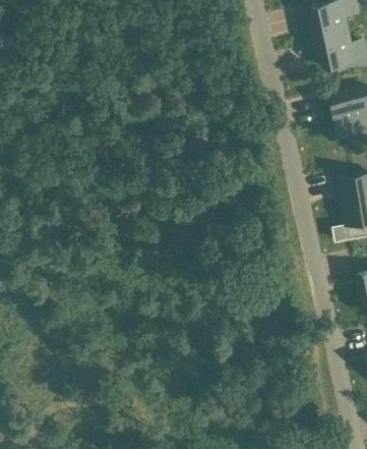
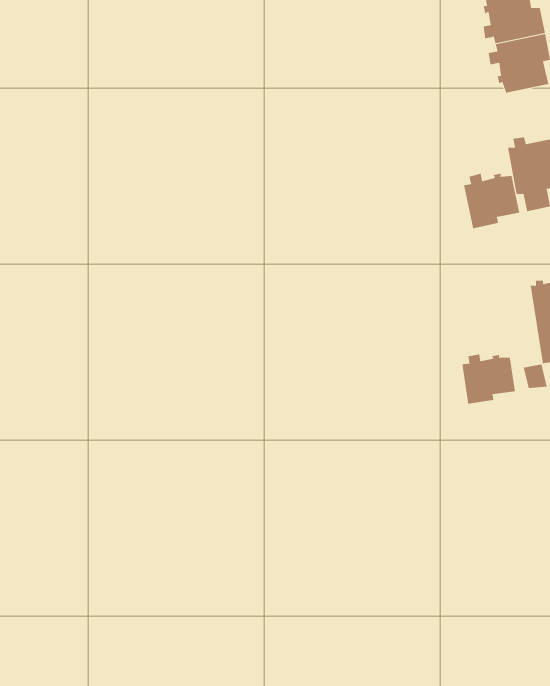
building: none -> [464,173,520,229]
building: none -> [462,353,516,404]

